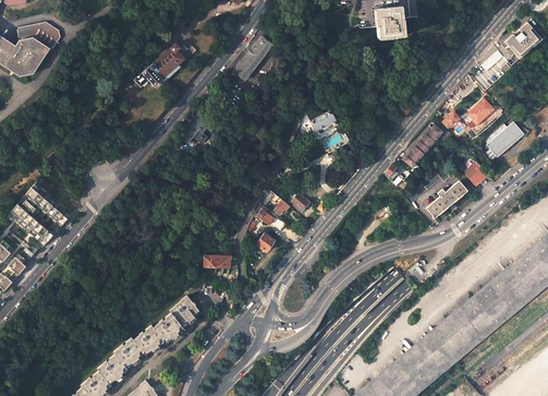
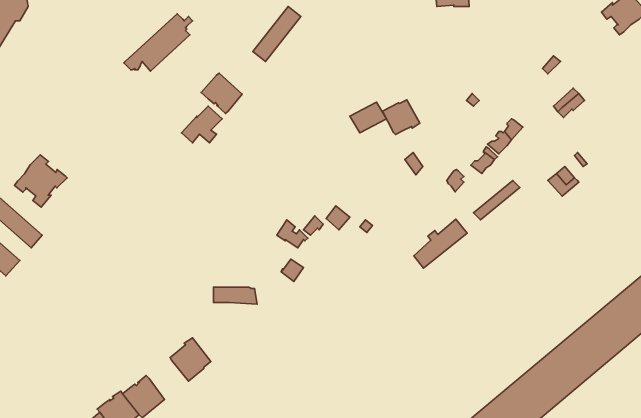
building: none -> [201,73,242,114]
building: none -> [382,100,420,135]
building: [485,121,523,157] -> none
building: none -> [15,155,67,207]
building: [426,180,467,218] -> [414,219,467,268]
building: [154,312,185,345] -> none

